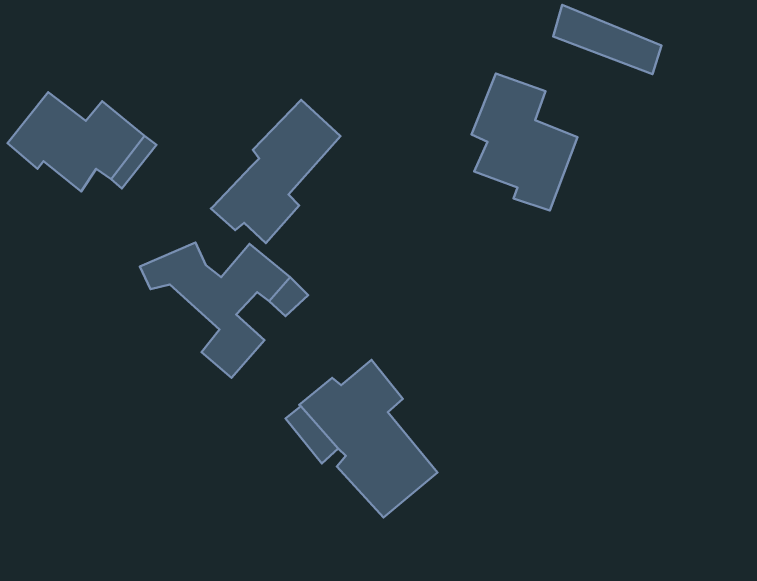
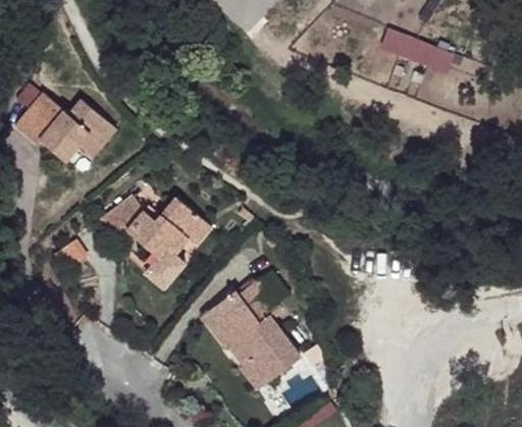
building: [472,74,577,210] -> none
building: [211,100,341,243] -> none

